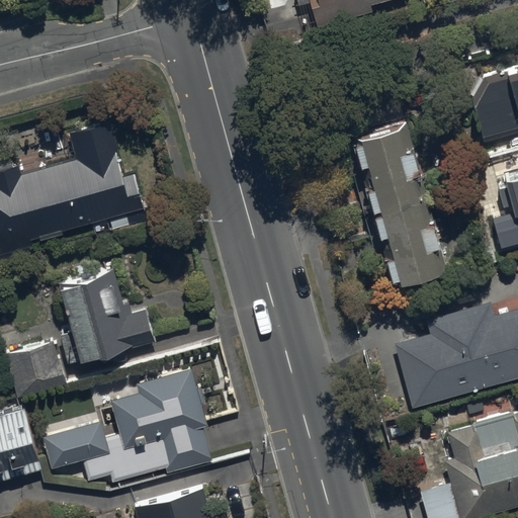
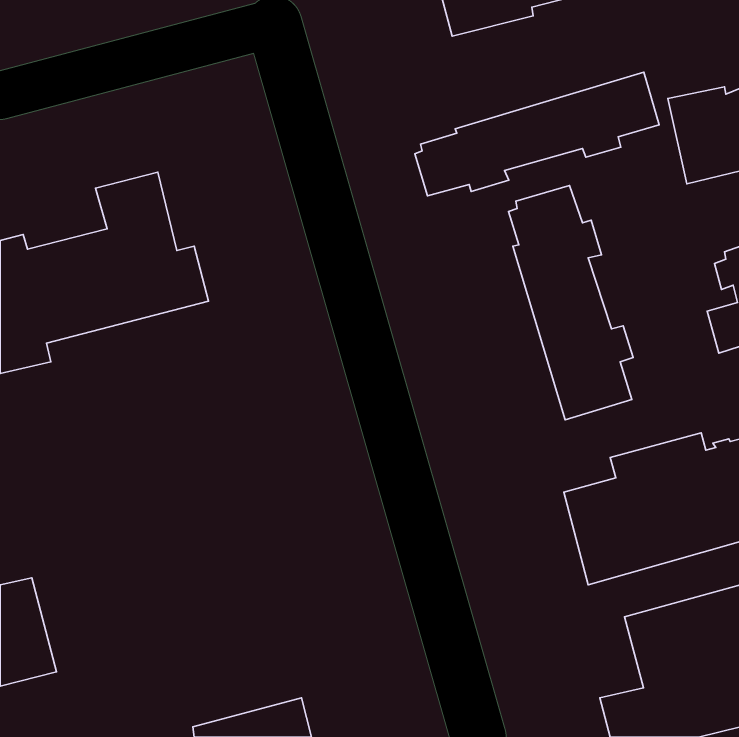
building: none -> [415,72,659,196]
building: [11,268,157,394] -> none
building: [42,367,211,481] -> none

